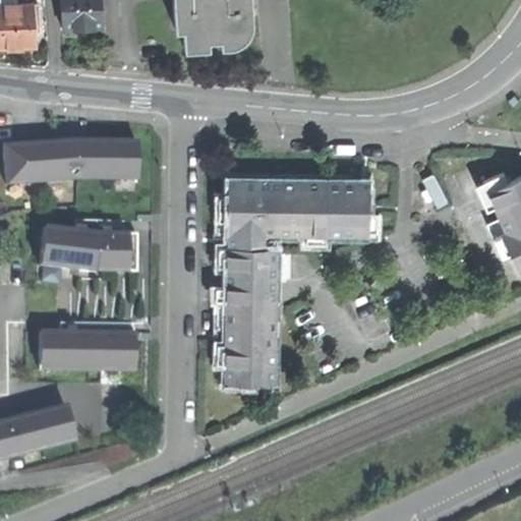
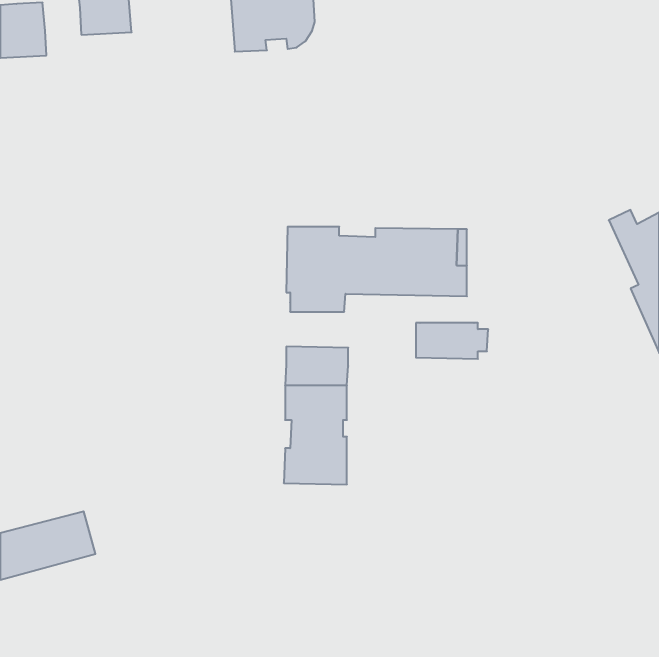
building: [4,137,139,183] -> none
building: [41,225,129,271] -> none
building: [226,246,283,275] -> [416,323,488,359]
building: [41,331,136,371] -> none

